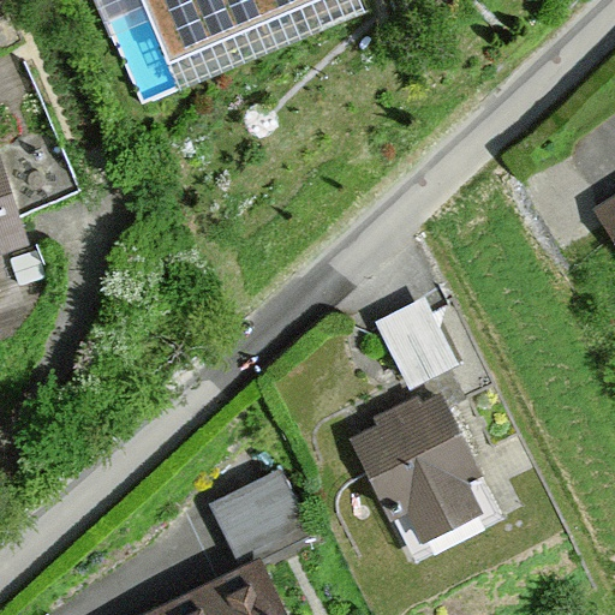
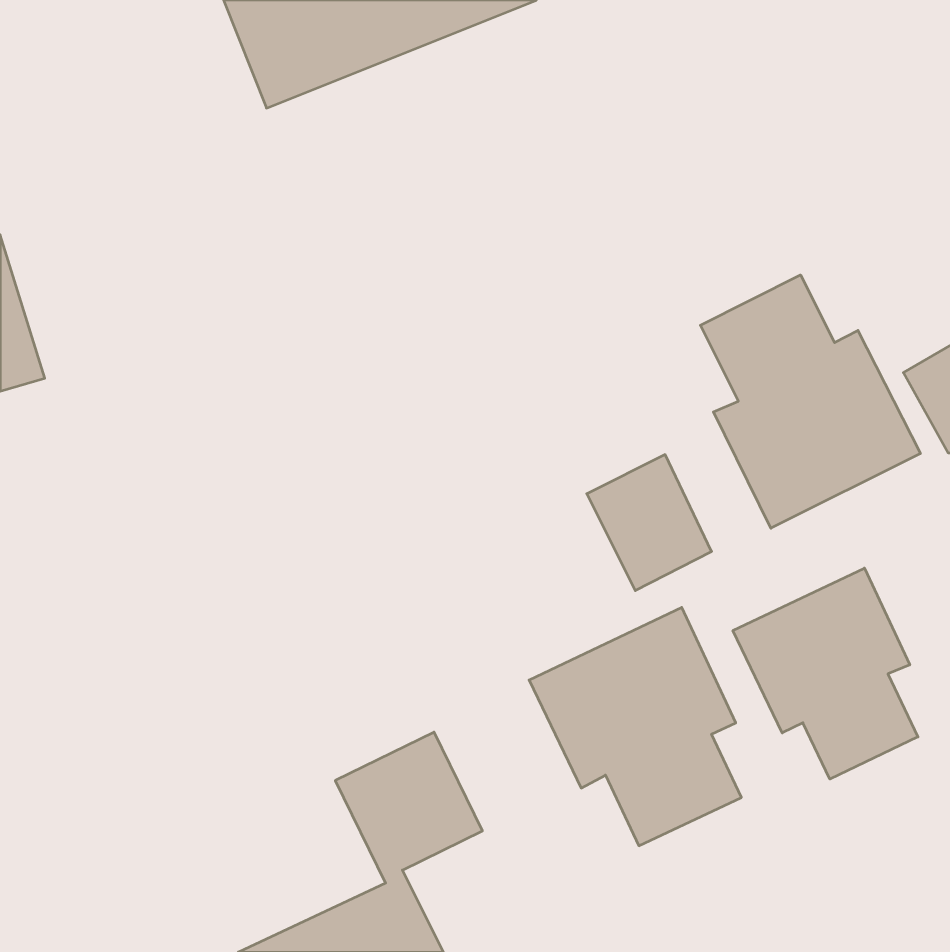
building: none -> [700,275,920,528]
building: none -> [733,568,918,779]

